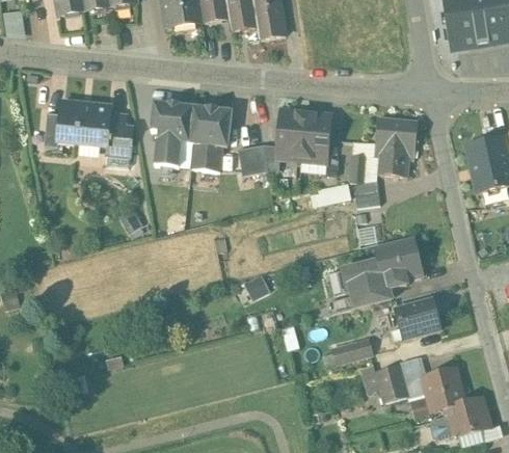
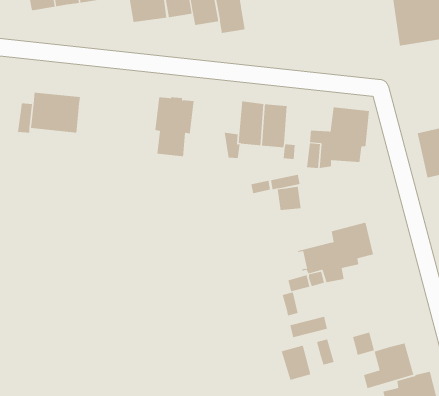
building: [152,101,193,166] -> none
building: [107,113,131,153] -> none
building: [239,143,267,175] -> none
building: [354,180,380,206] -> [277,186,301,211]
building: [396,298,439,338] -> none
building: [375,364,407,401] -> [281,345,311,380]

